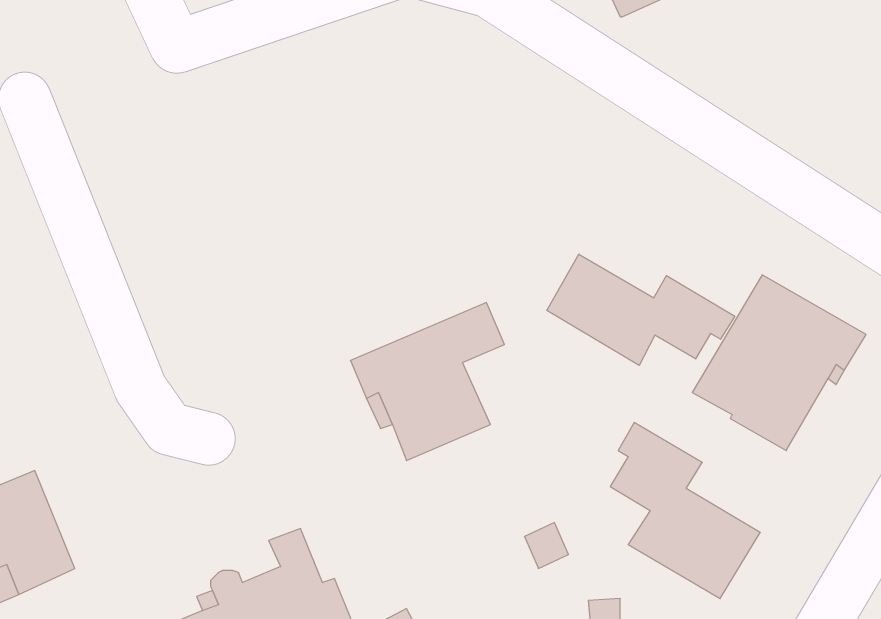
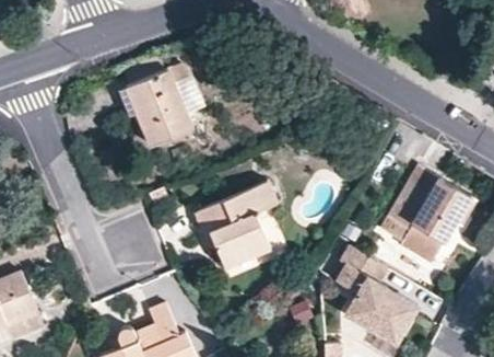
building: none -> [122,54,192,146]
building: [547,254,735,365] -> none

